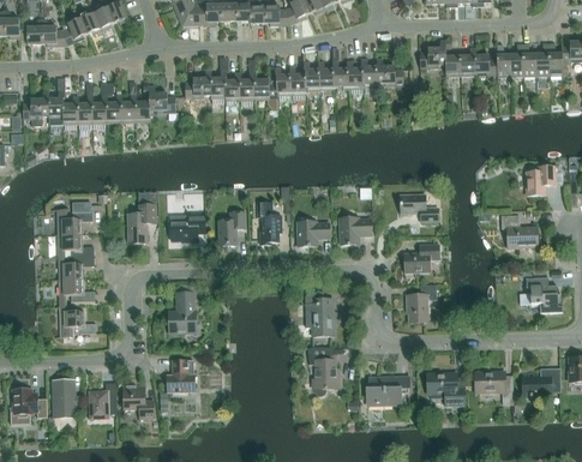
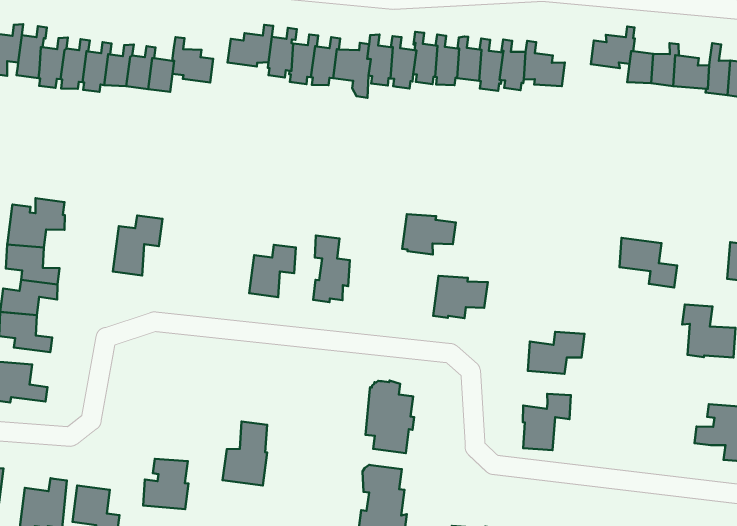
building: [400,194,438,222] -> [619,238,677,287]
building: [170,215,206,242] -> none
building: [298,221,330,246] -> [402,214,456,255]
building: [169,293,196,332] -> [223,421,267,485]

